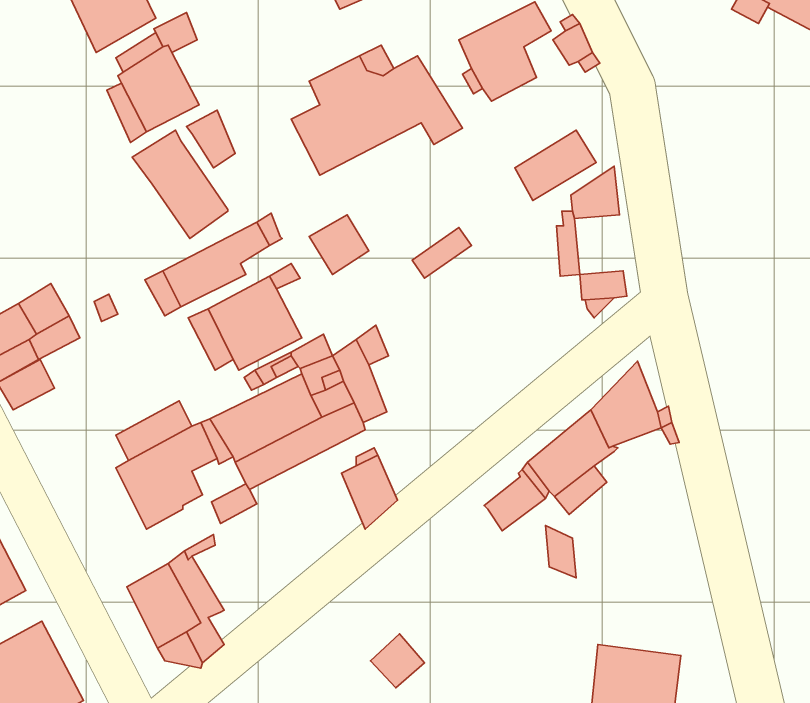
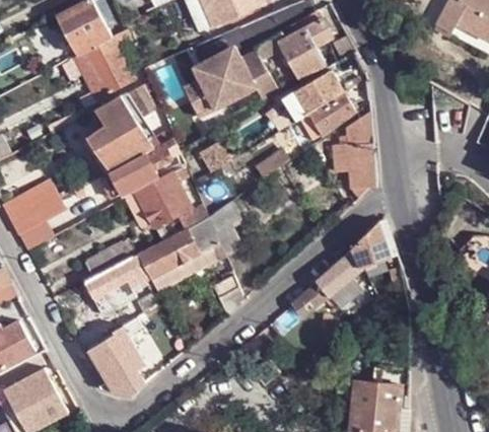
building: none -> [286,68,344,122]
building: none -> [87,123,160,169]
building: none -> [343,140,370,173]

